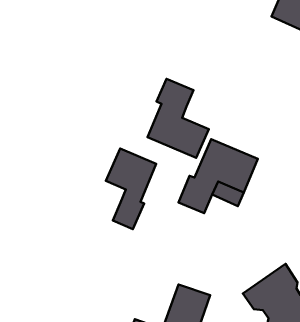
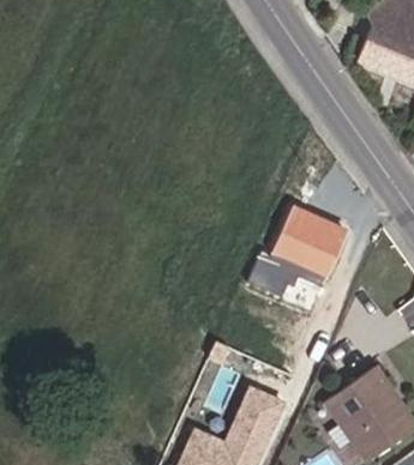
building: [148,79,209,158] -> none
building: [106,148,156,229] -> none

